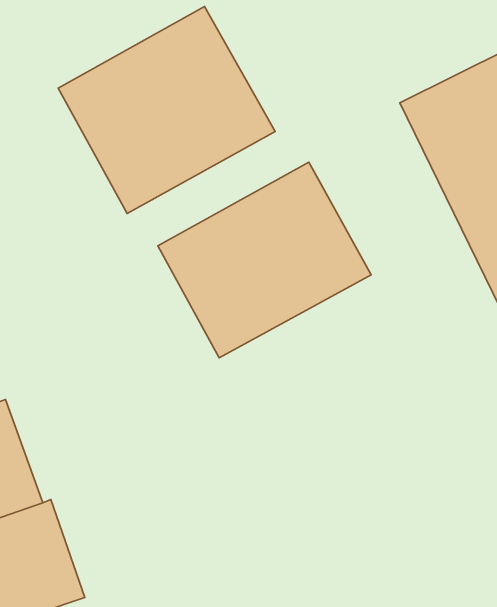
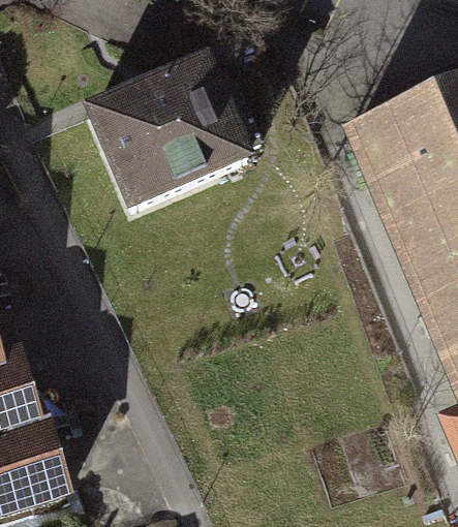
building: [158,162,371,358] -> none

